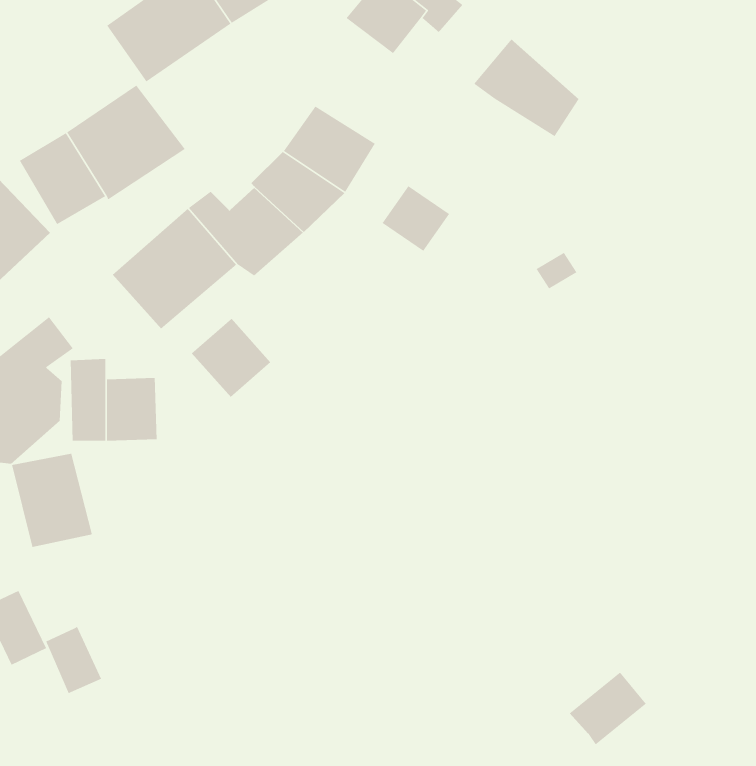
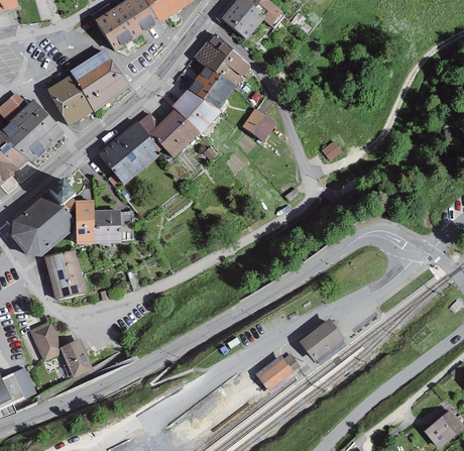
building: [473,38,580,137] -> [194,31,250,84]
building: [191,318,271,398] -> none
building: none -> [258,353,298,387]
building: [569,671,647,746] -> [301,321,342,360]

